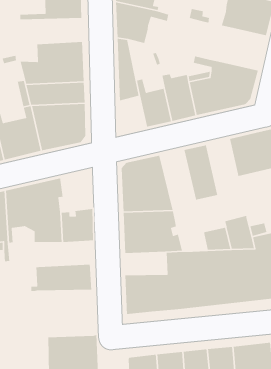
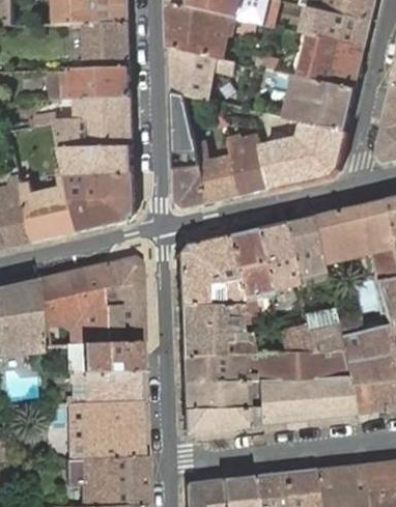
building: none -> [50,68,130,101]
building: none -> [285,77,355,132]
building: none -> [174,164,207,207]
building: none -> [281,216,324,286]
building: none -> [224,229,267,313]
building: none -> [101,256,142,306]
building: none -> [65,341,139,372]
building: none -> [180,355,232,383]
building: none -> [69,401,142,458]

